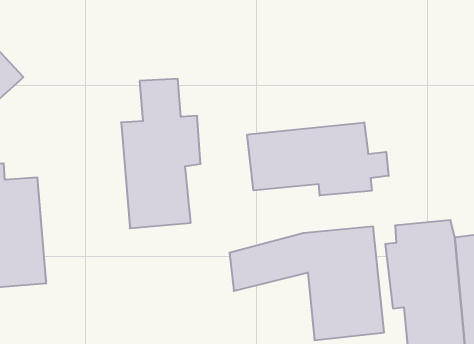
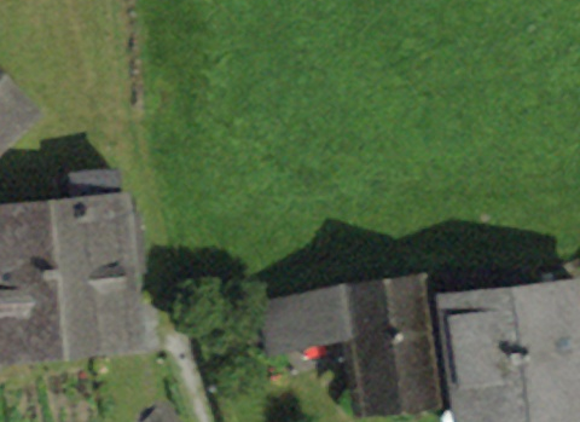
building: [121,79,201,228] -> [53,185,141,351]
building: [247,122,389,196] -> none

